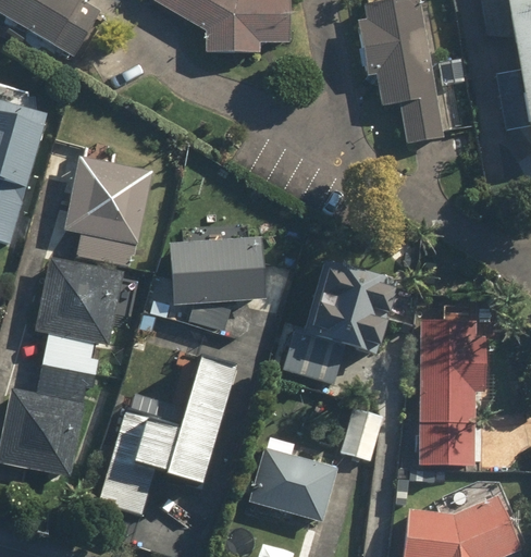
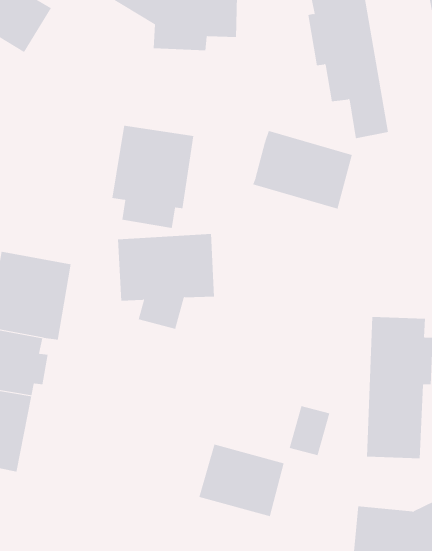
building: none -> [253,130,353,210]
building: [66,160,149,263] -> [112,125,194,229]
building: [277,253,403,386] -> none
building: [100,360,235,512] -> none

